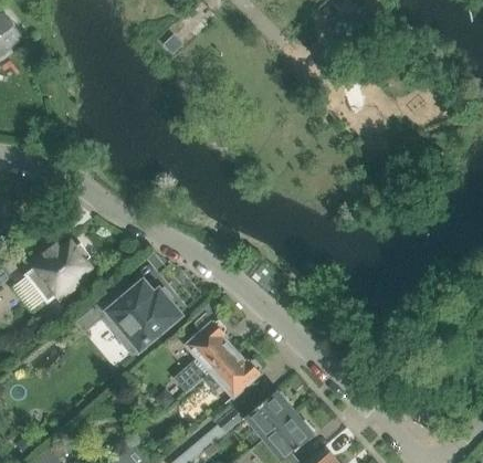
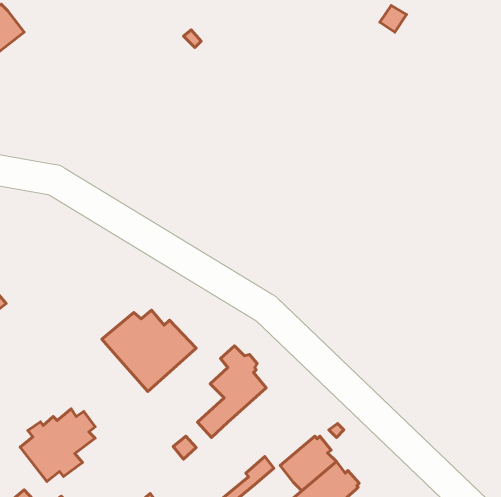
building: [24,242,90,305] -> [20,409,95,482]
building: [201,349,262,398] -> none

